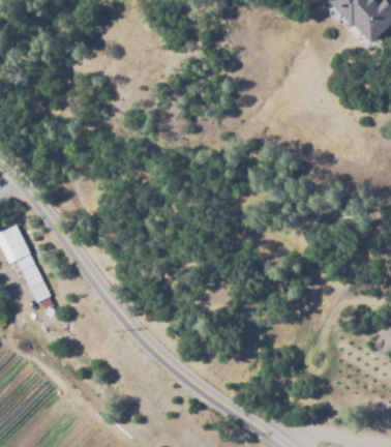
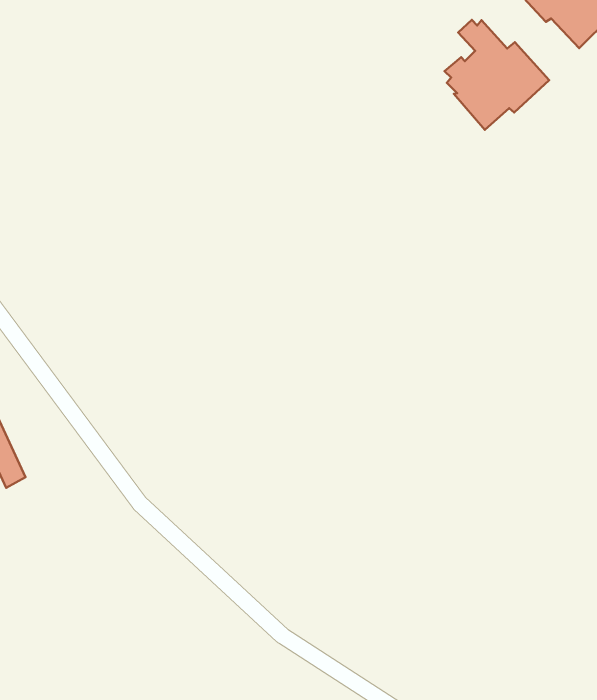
building: none -> [445,20,549,130]

